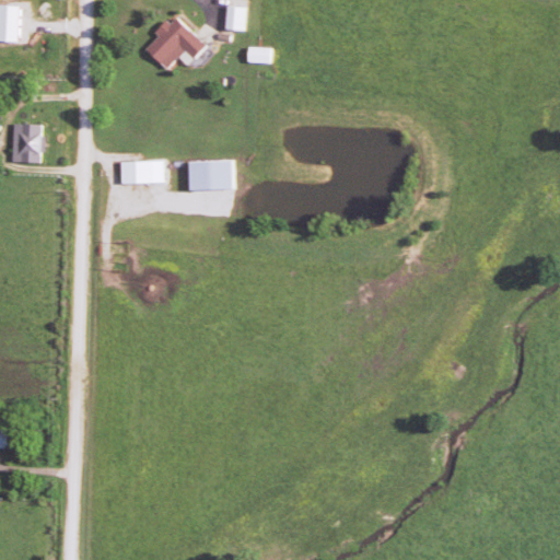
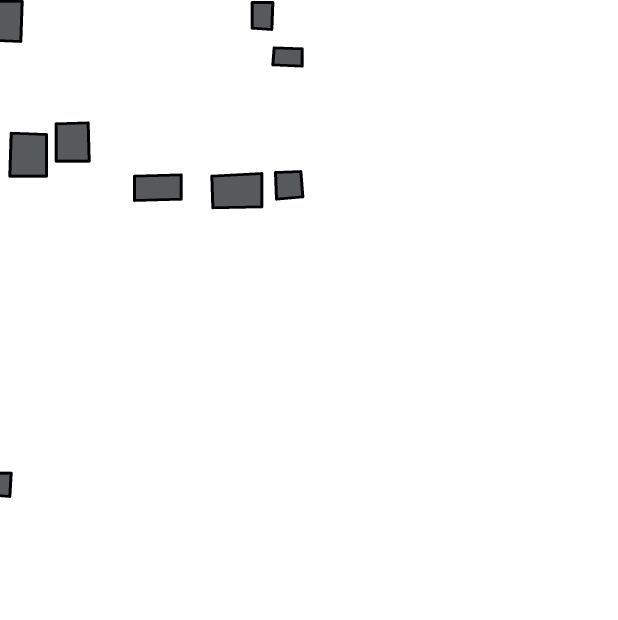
building: [145,14,206,69] -> none
building: none -> [56,123,89,161]
building: none -> [275,171,303,199]

